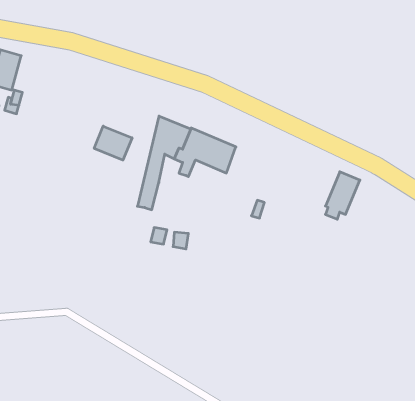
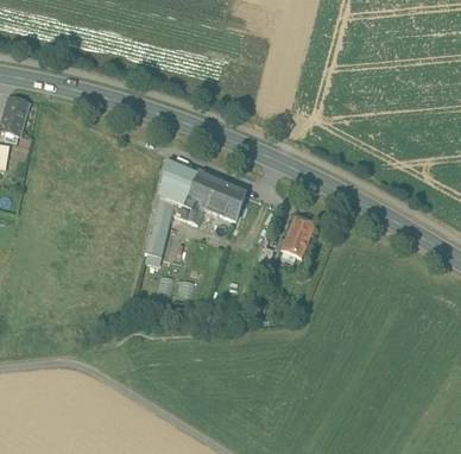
building: [94,126,132,160] -> none
building: [325,172,360,219] -> [283,214,317,261]

